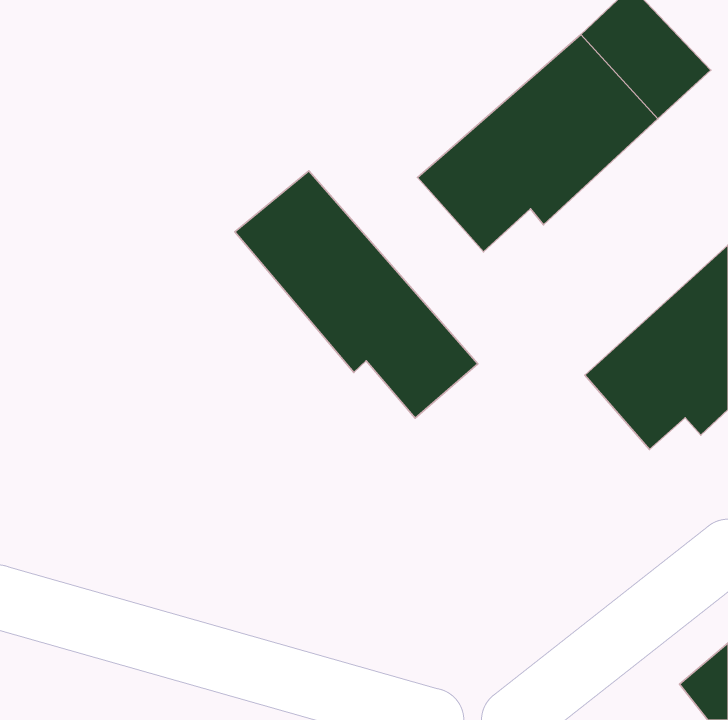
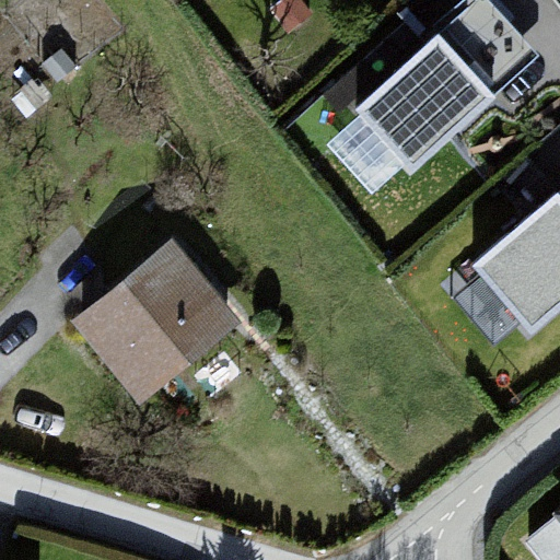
building: [235,171,478,418] -> none
building: none -> [84,244,247,405]

